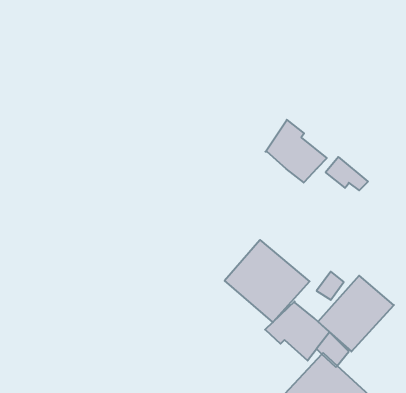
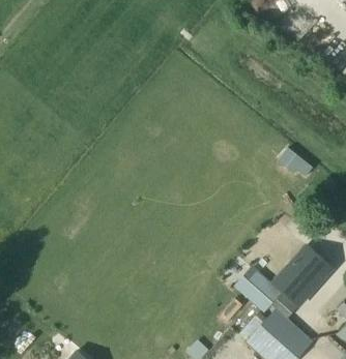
building: [265,120,327,183] -> none
building: [225,240,310,322] -> none

